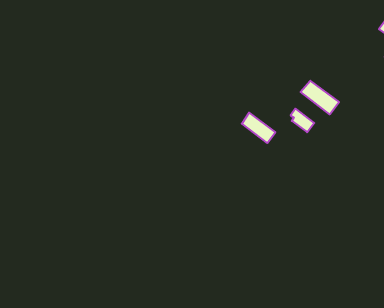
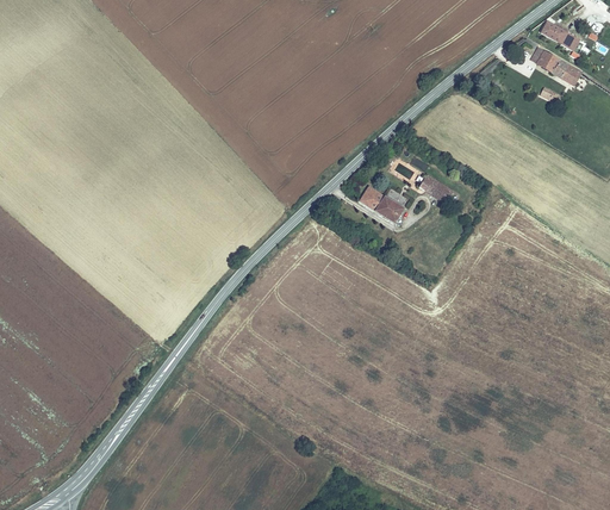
building: [301,81,339,114] -> none

